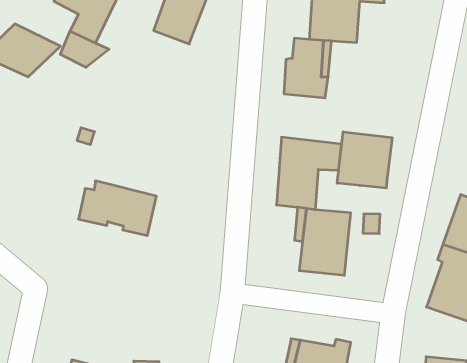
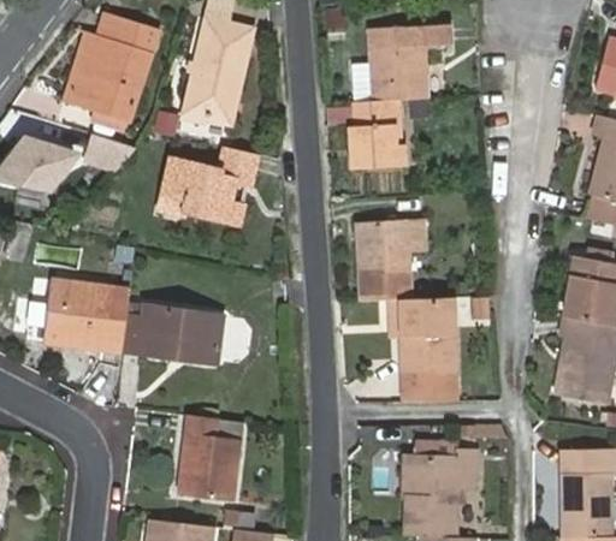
building: none -> [154,147,261,228]
building: [337,132,392,188] -> none
building: none -> [43,274,137,356]
building: none -> [401,373,456,405]
building: none -> [173,416,235,498]

